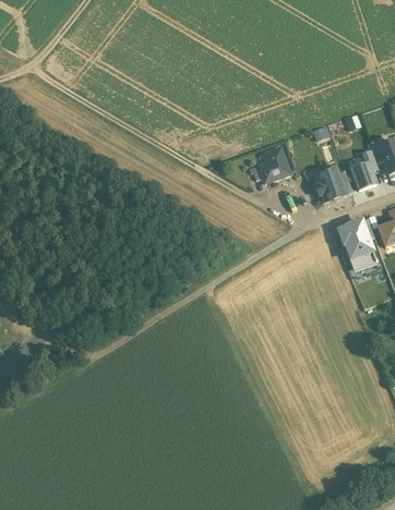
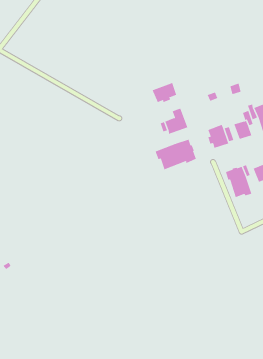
building: none -> [152,82,177,103]
building: none -> [155,139,196,170]

